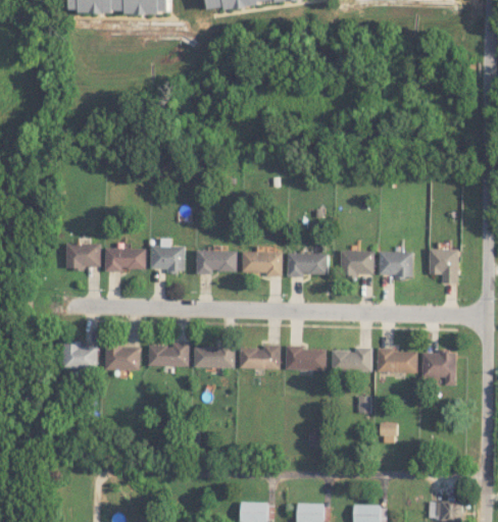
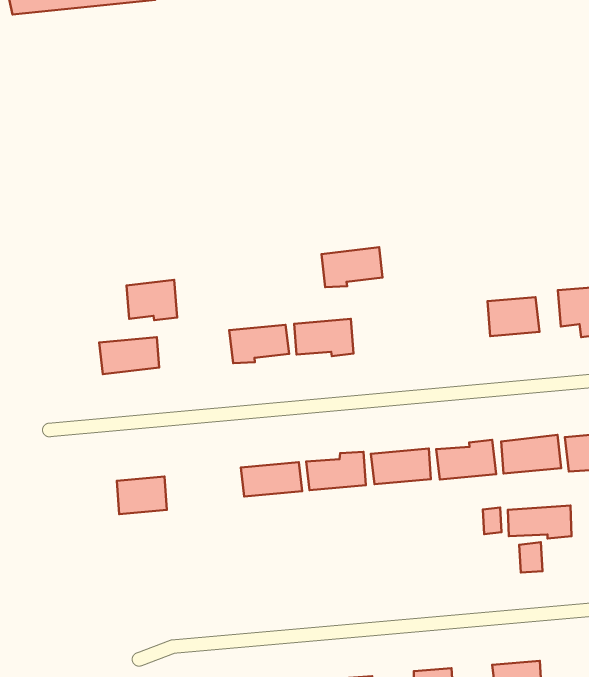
building: [66,243,101,269] -> none
building: [150,246,185,272] -> [127,280,177,320]
building: [340,251,375,277] -> none
building: [288,253,329,277] -> [321,247,383,287]
building: [63,343,98,369] -> none
building: [148,343,189,366] -> none
building: none -> [508,506,572,539]

